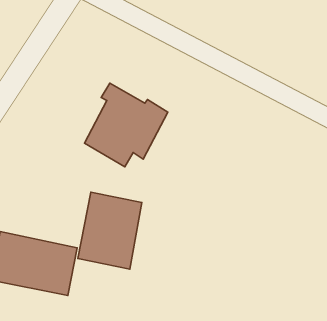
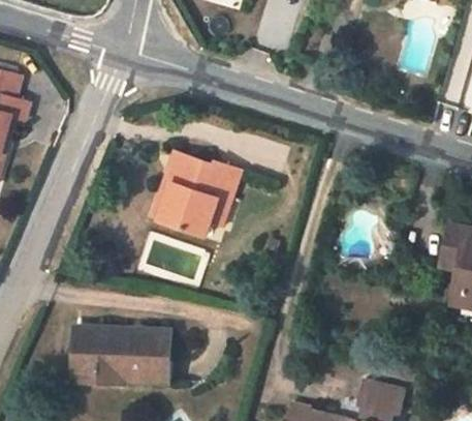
building: [78,192,142,269] -> none

